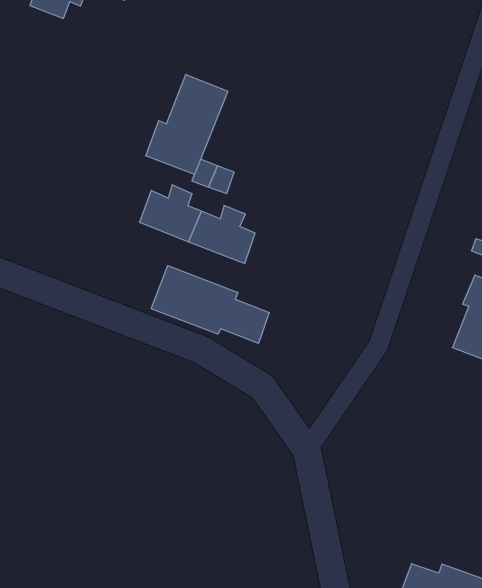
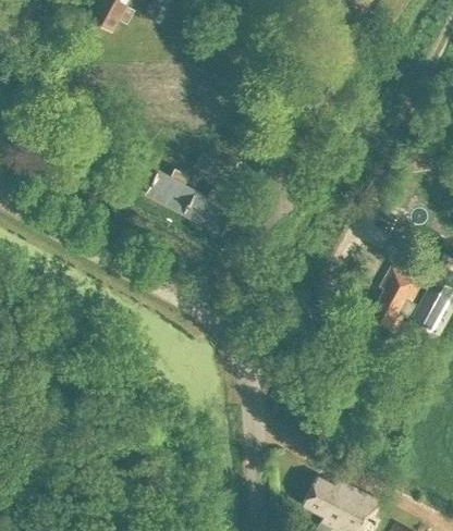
building: [146,74,228,175] -> none
building: [151,266,269,343] -> none

